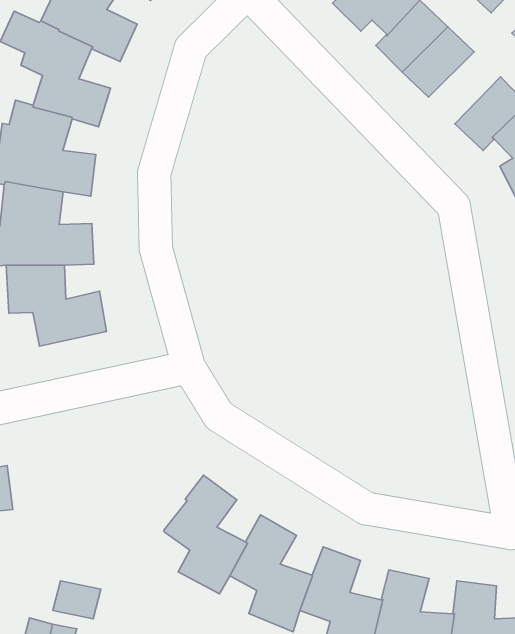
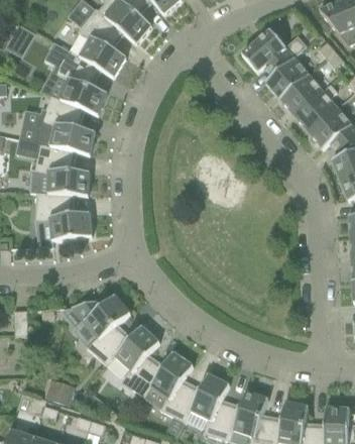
building: none -> [293,84,337,132]
building: none -> [72,295,130,365]

